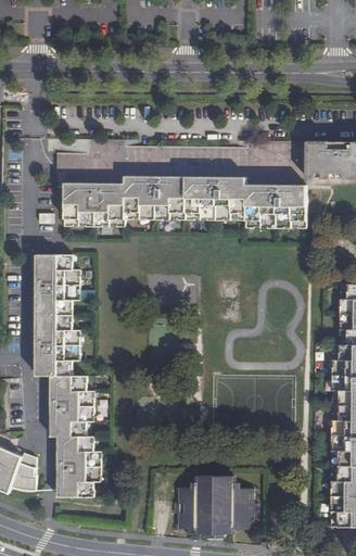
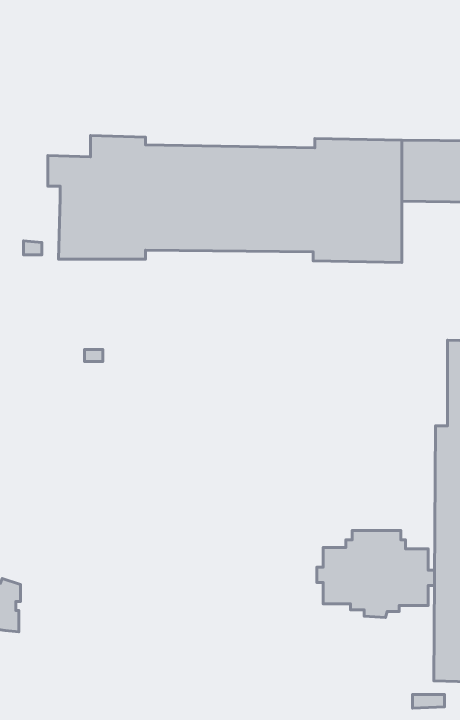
building: [35,254,99,497] -> none
building: [173,477,256,539] -> [317,531,434,618]

